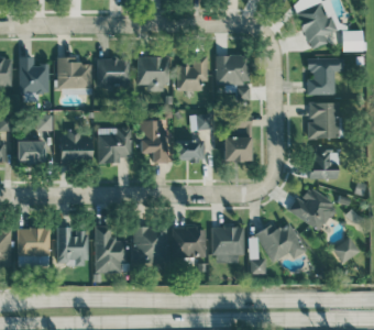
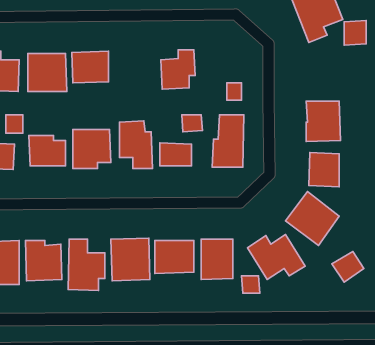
building: [216,54,250,84] -> none
building: [136,56,169,90] -> none
building: [307,58,344,95] -> none

